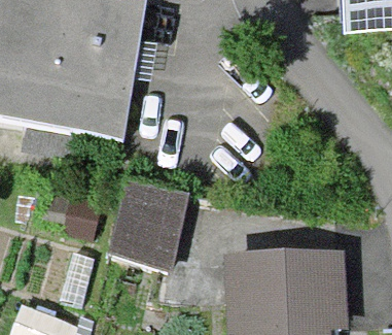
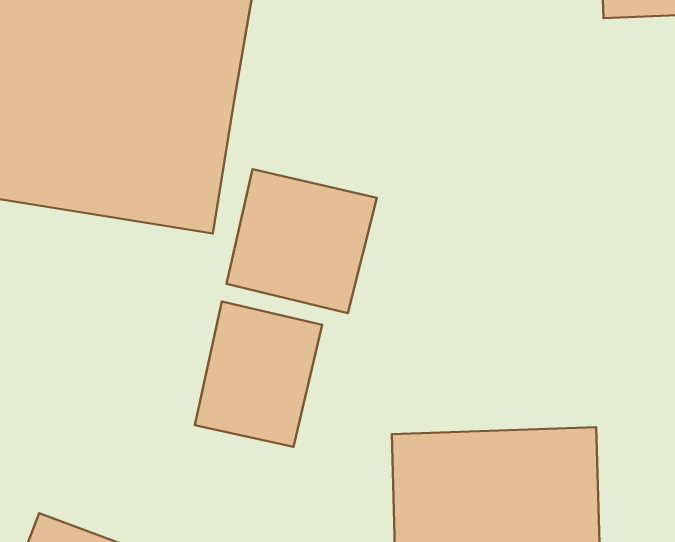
building: none -> [226,169,377,313]

